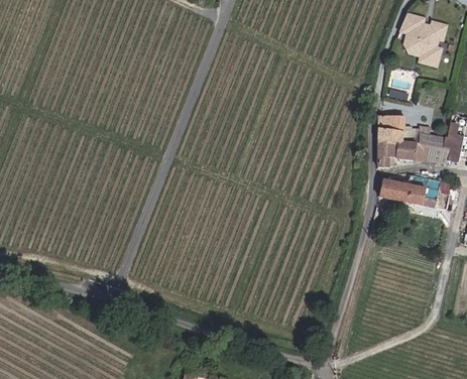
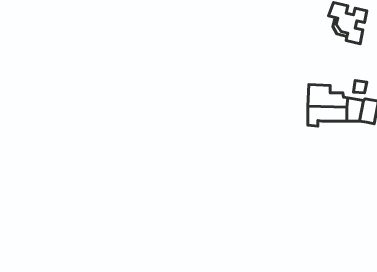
building: [381,174,450,209] -> none

